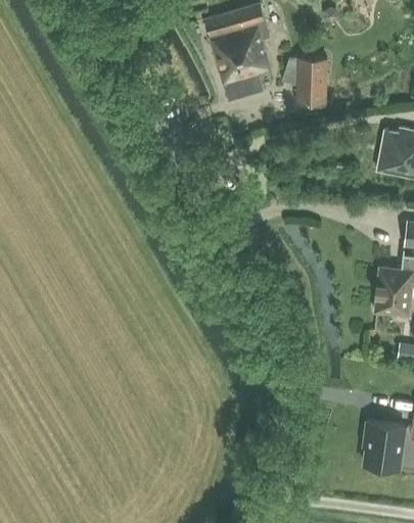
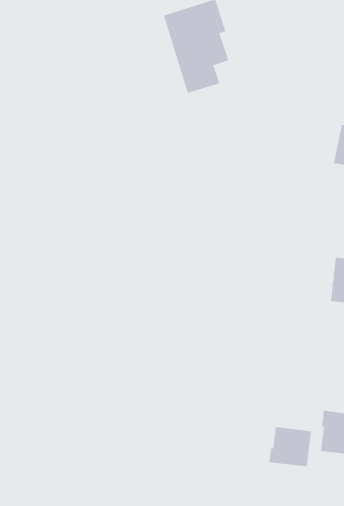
building: [281,59,326,106] -> none
building: none -> [269,426,312,467]

